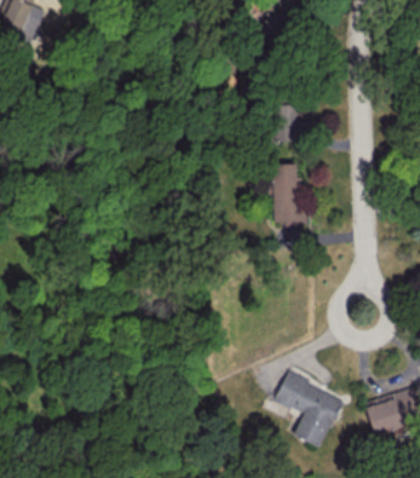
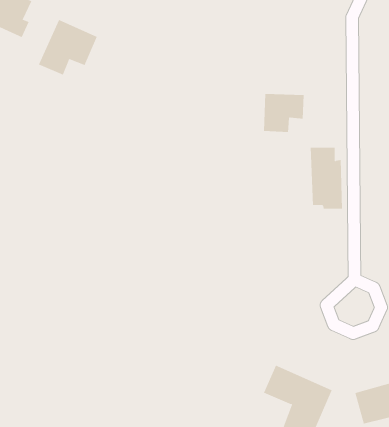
building: none -> [38,19,97,75]
building: [272,165,305,226] -> [310,147,343,209]

